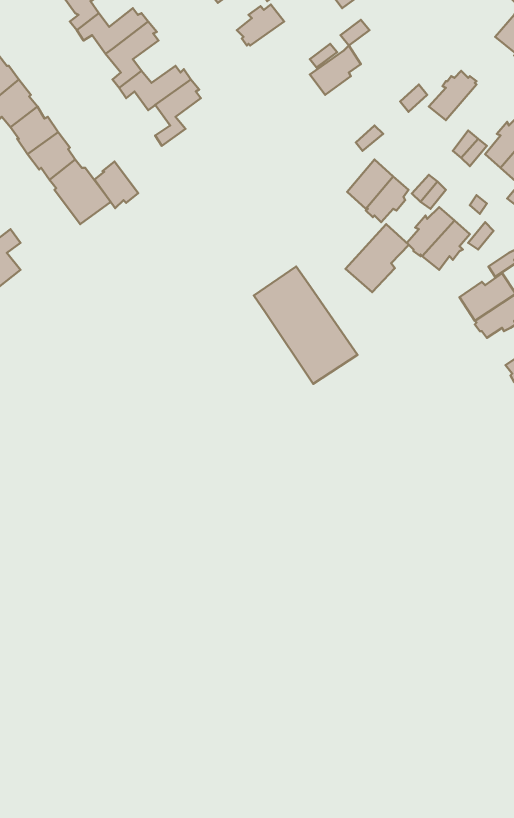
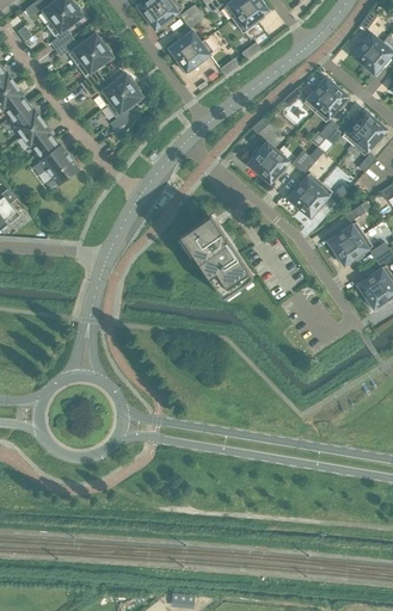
building: [310,45,361,95] -> [178,39,214,74]
building: none -> [315,87,350,122]
building: [94,161,138,208] -> none
building: [346,224,409,292] -> none

